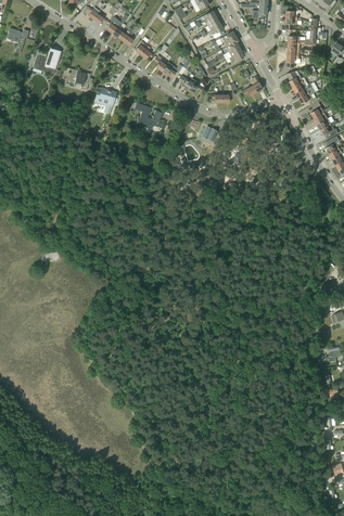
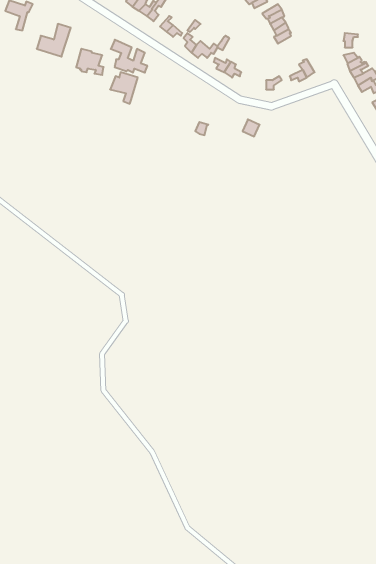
building: [133,102,164,129] -> [111,40,147,73]

